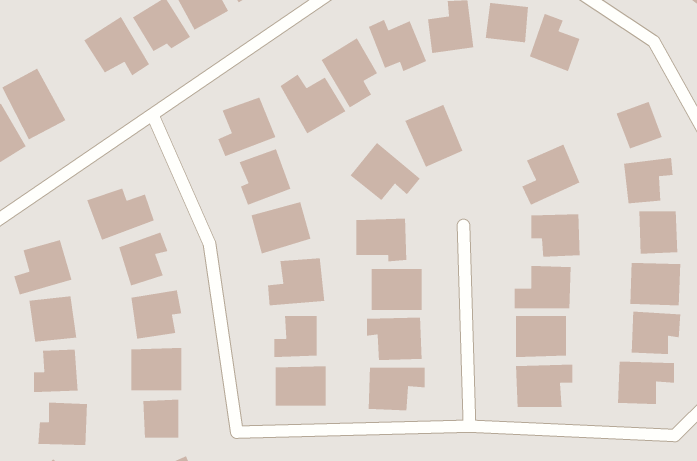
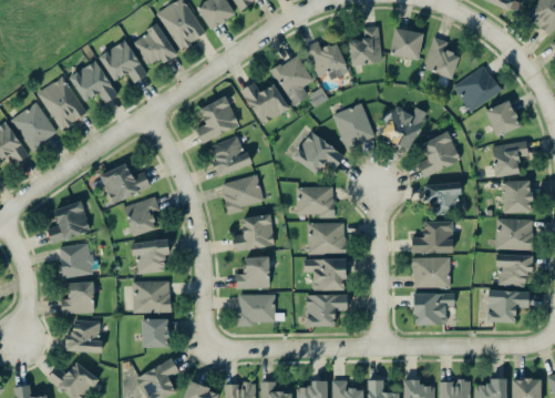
building: none -> [70,60,117,103]
building: none -> [453,65,502,112]
building: none -> [381,105,428,150]

